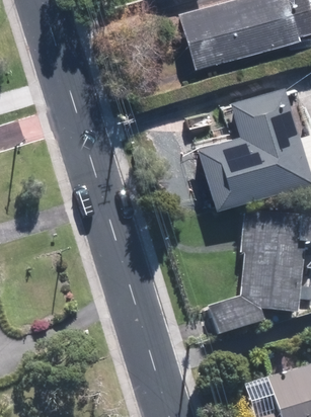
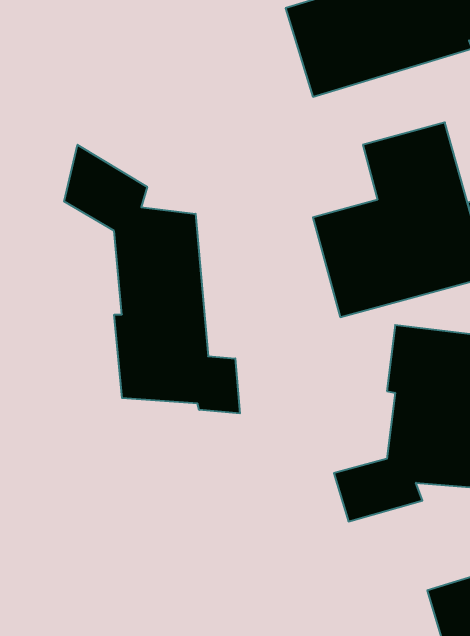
building: none -> [64,145,240,413]

